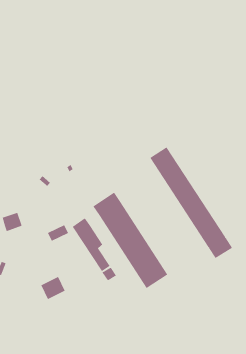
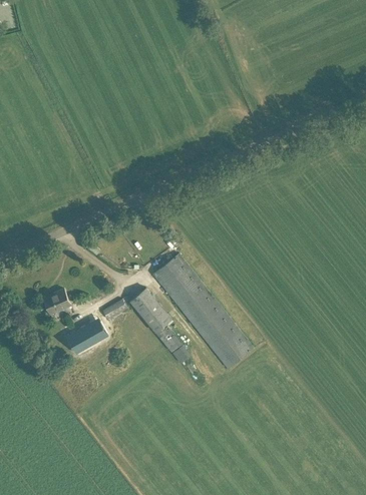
building: [149,146,233,259] -> none
building: [40,276,66,300] -> [66,323,97,353]

